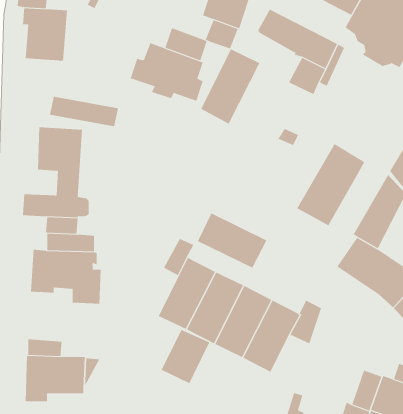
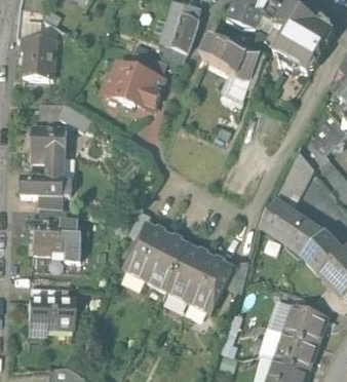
building: [200,49,260,124] -> none
building: [297,143,365,226] -> none
building: [197,212,267,268] -> none
building: [161,329,211,384] -> none

